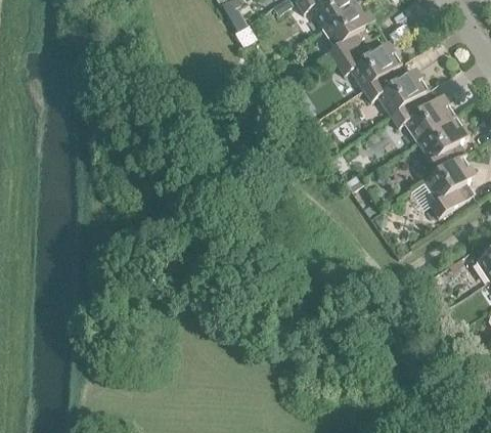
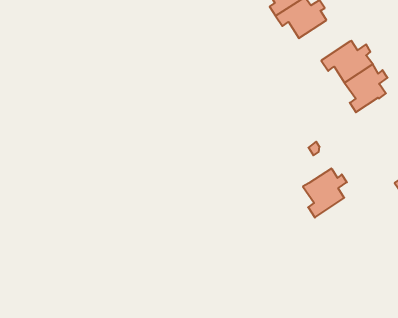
building: [363,66,423,115] -> none
building: [423,159,476,217] -> [303,168,347,218]

